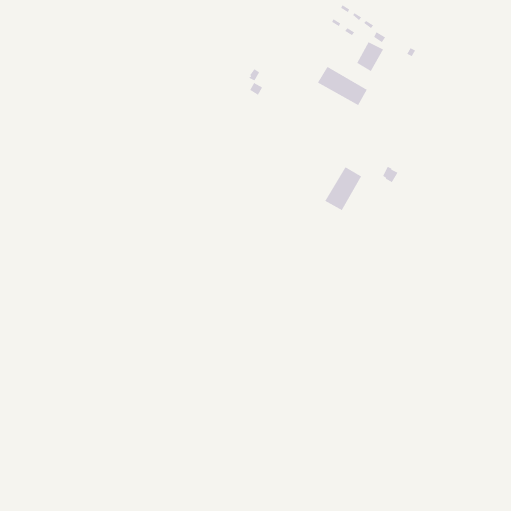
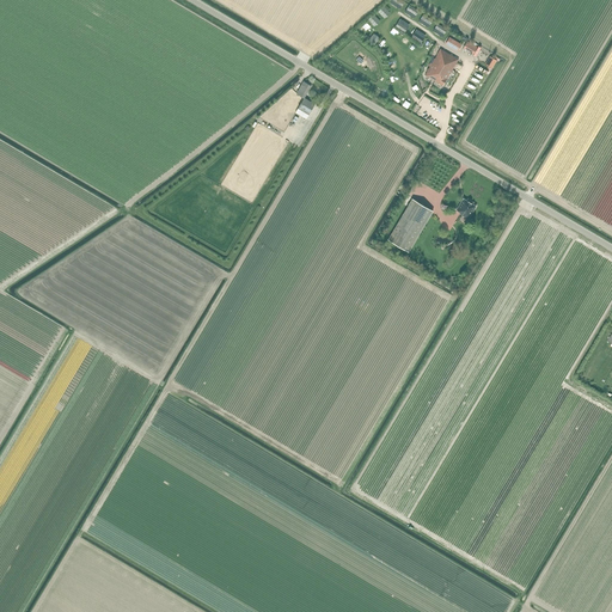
building: [317,66,368,106] -> none

